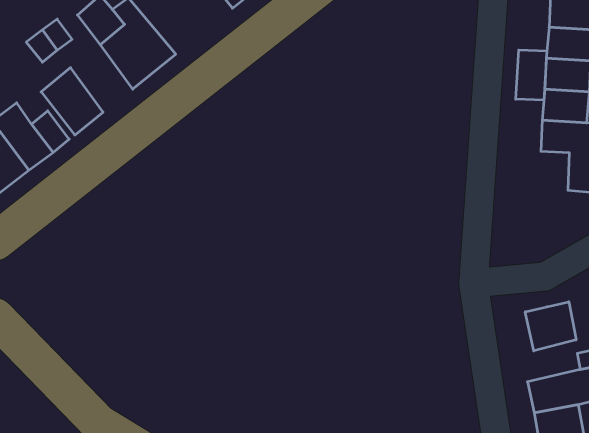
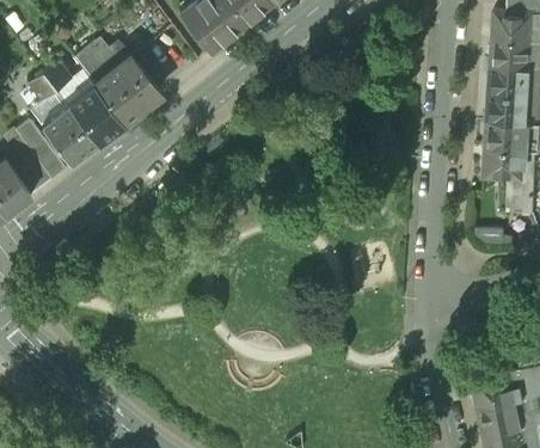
building: none -> [67,85,122,145]
building: [516,50,547,100] -> none
building: [525,302,576,351] -> none

